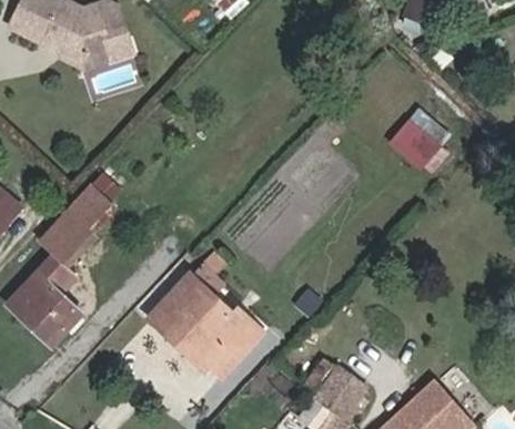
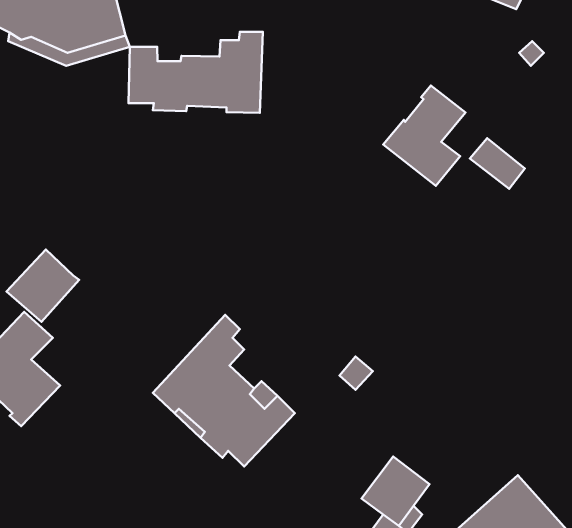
building: none -> [129,32,263,113]
building: none -> [383,86,465,186]
building: [69,183,113,228] -> none

